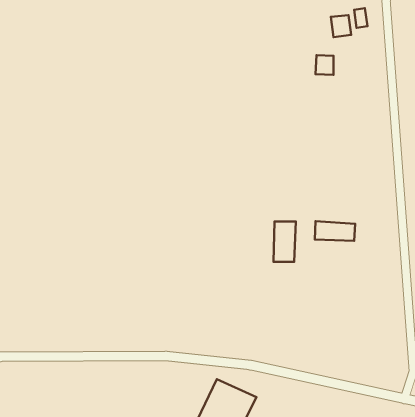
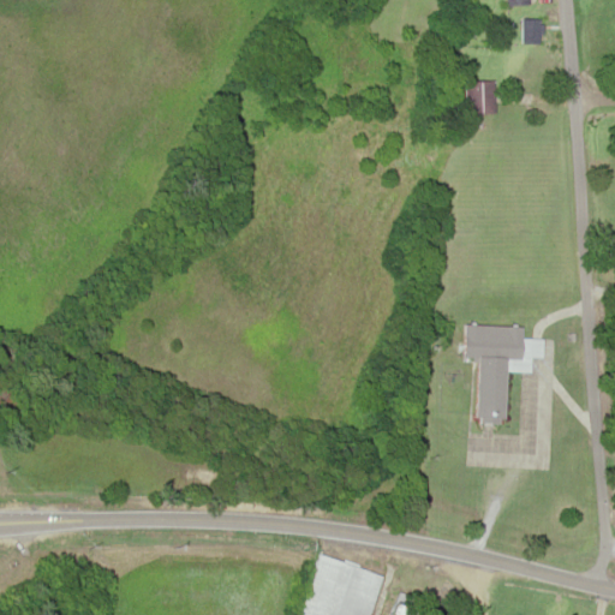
building: [331,15,351,37] -> none
building: [274,222,296,262] -> [478,362,510,420]

